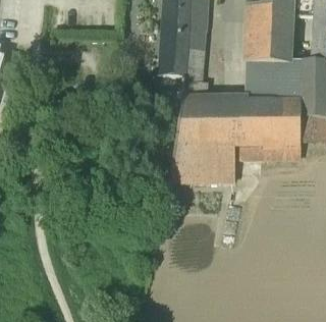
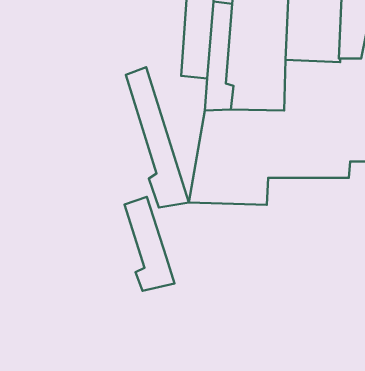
building: none -> [126,67,189,207]
building: none -> [125,197,174,291]

